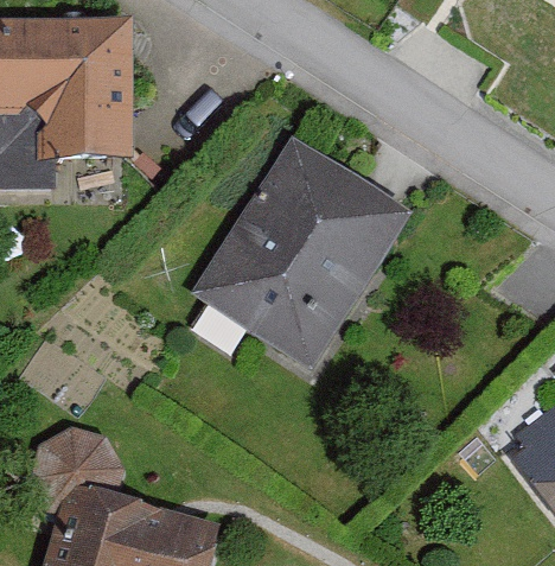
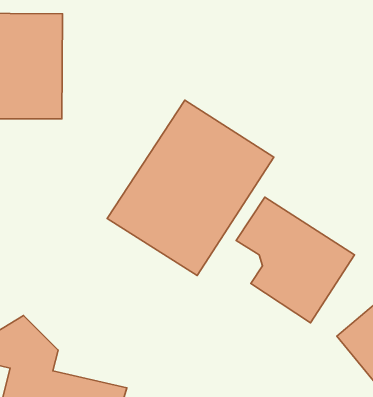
building: none -> [236,197,354,323]

